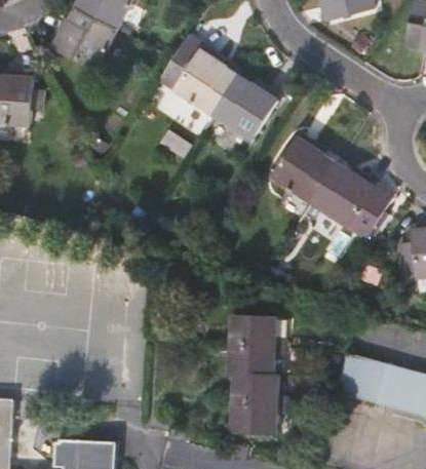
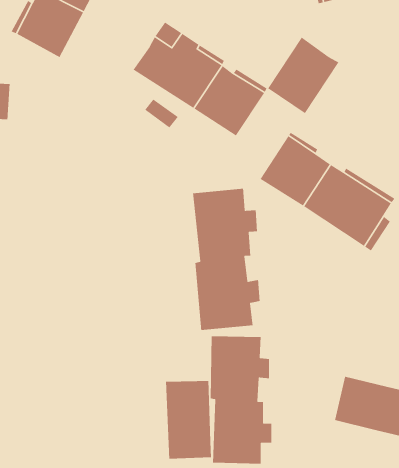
building: none -> [267,37,340,114]
building: none -> [192,188,260,331]
building: none -> [165,380,212,459]

